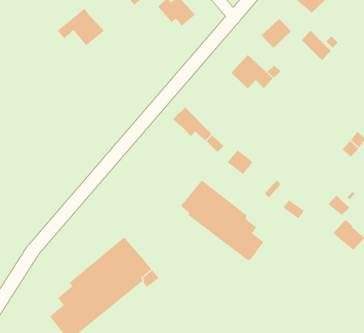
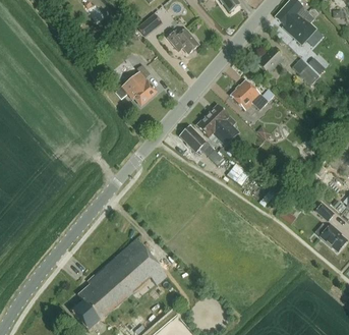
building: [57,8,105,46] -> [115,70,157,104]
building: none -> [197,105,238,144]
building: [180,179,264,261] -> none

